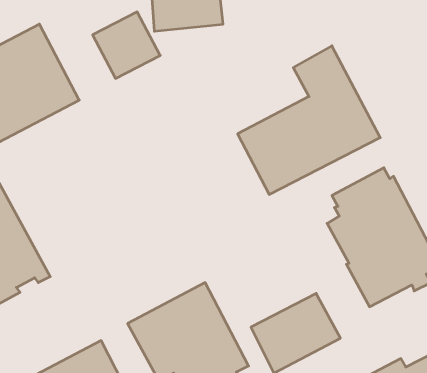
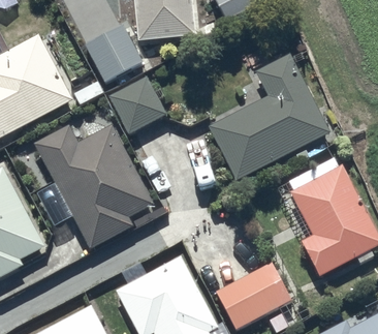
building: none -> [108,74,165,132]
building: none -> [33,124,154,247]

